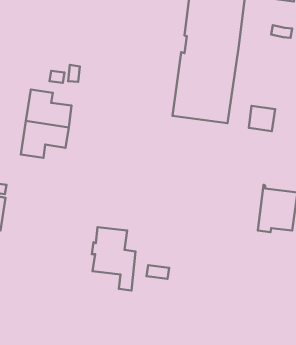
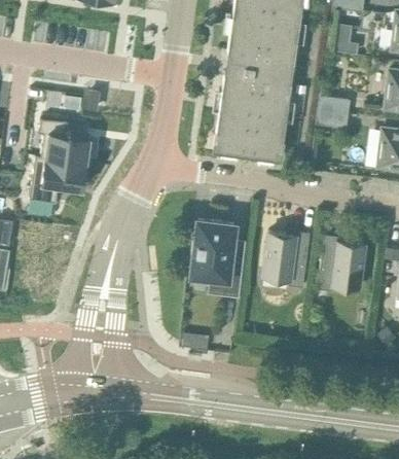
building: [249,106,275,131] -> [318,98,350,129]
building: none -> [262,232,310,288]
building: [92,227,136,290] -> [191,221,245,298]

